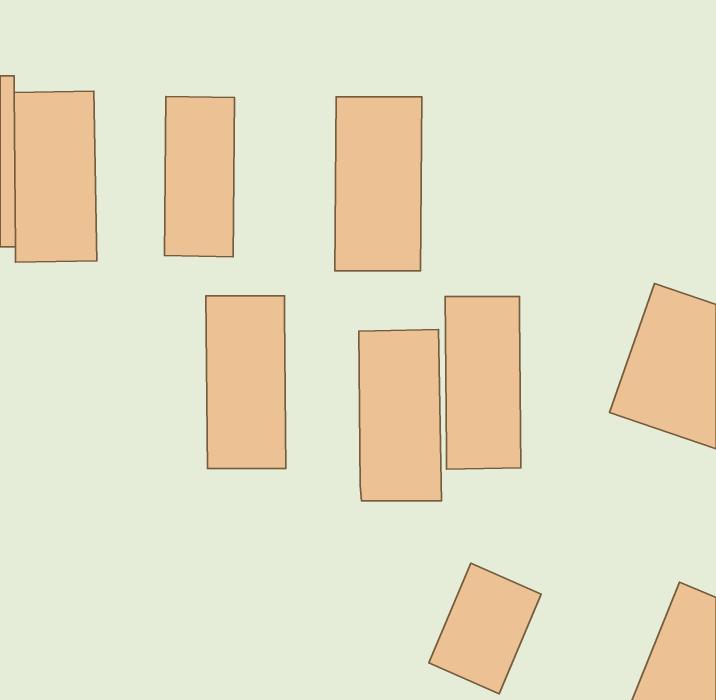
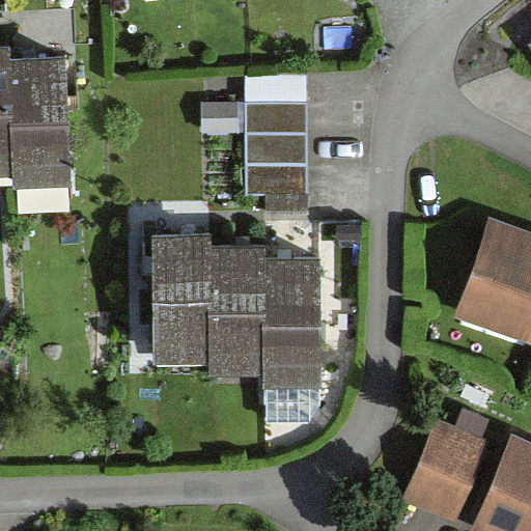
building: [165,96,234,257] -> none
building: [445,297,521,469] -> [211,245,267,372]
building: [429,563,541,694] -> [399,425,482,522]

